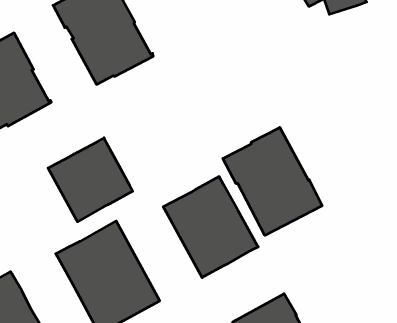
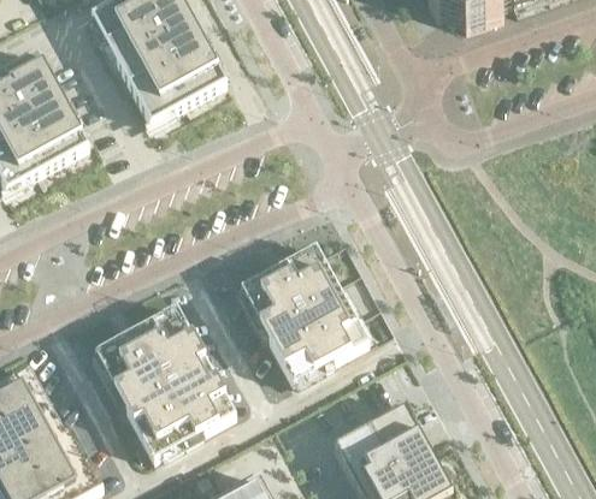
building: [223,127,322,235] -> none
building: [48,138,133,222] -> none

